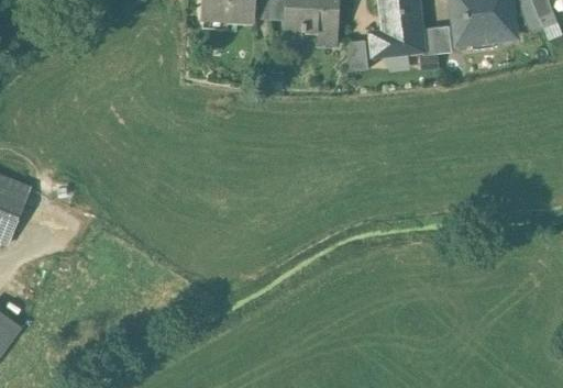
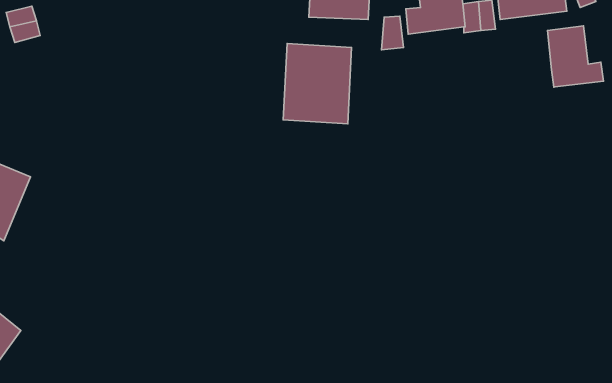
building: none -> [547,26,604,87]
building: none -> [283,44,352,124]

